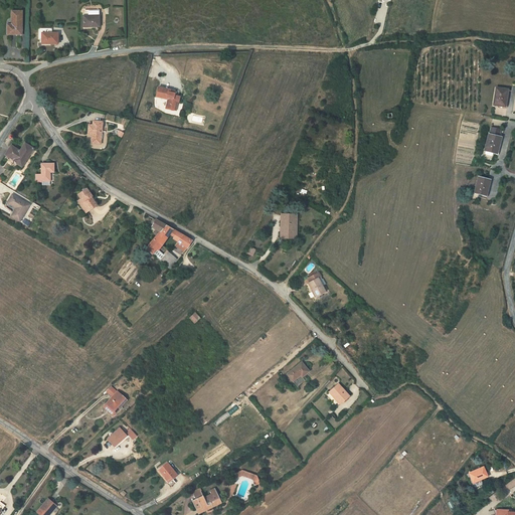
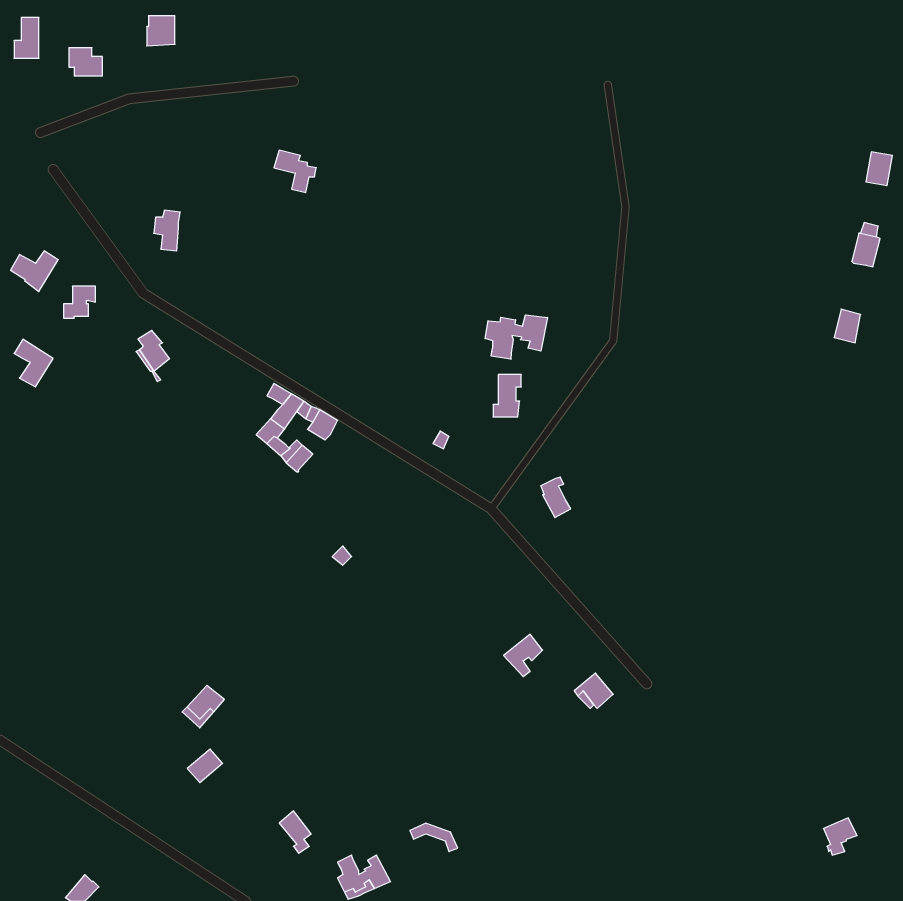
building: none -> [485,315,547,359]

